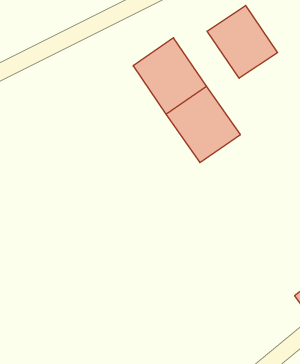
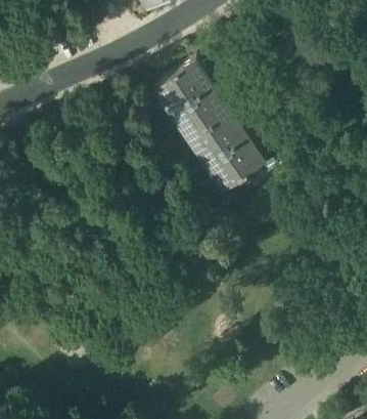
building: [207,5,278,78] -> none

